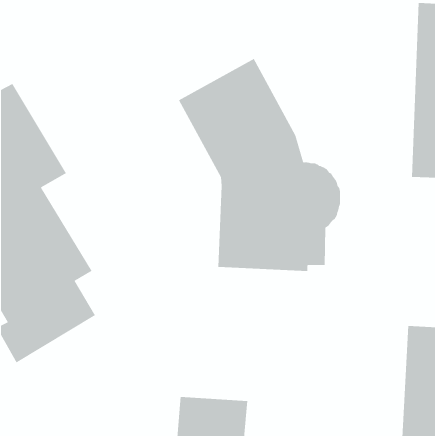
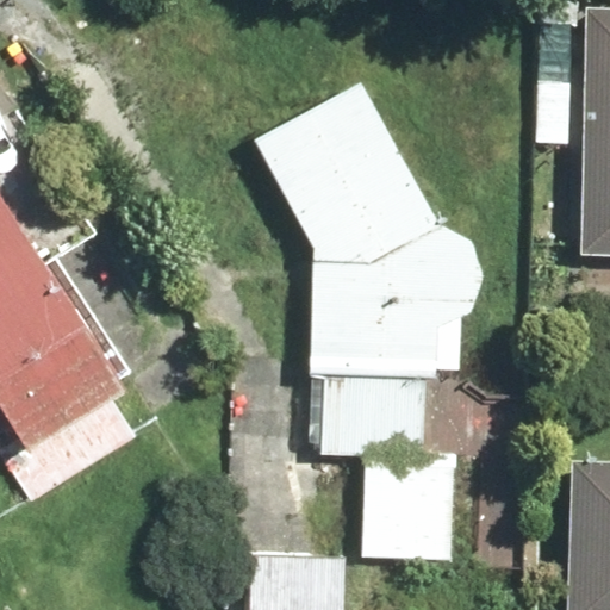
building: none -> [322,379,463,560]

